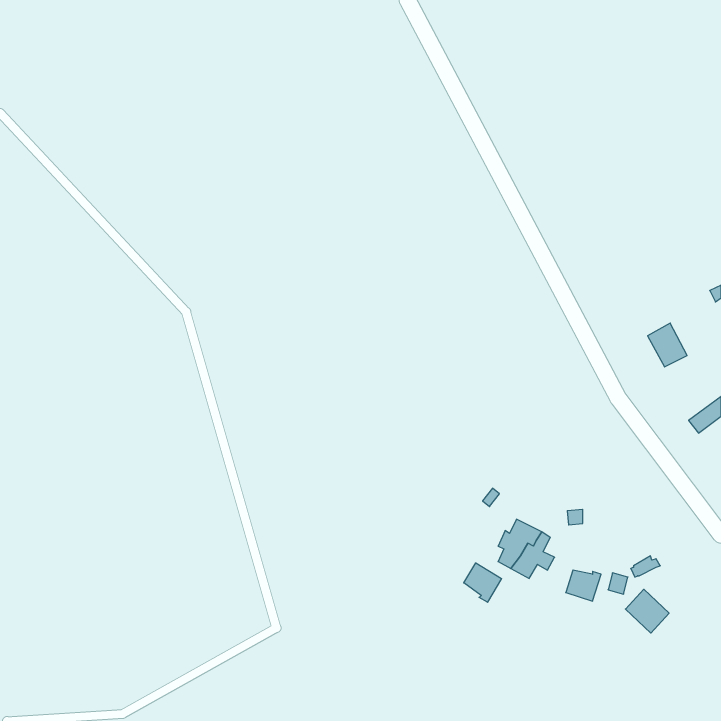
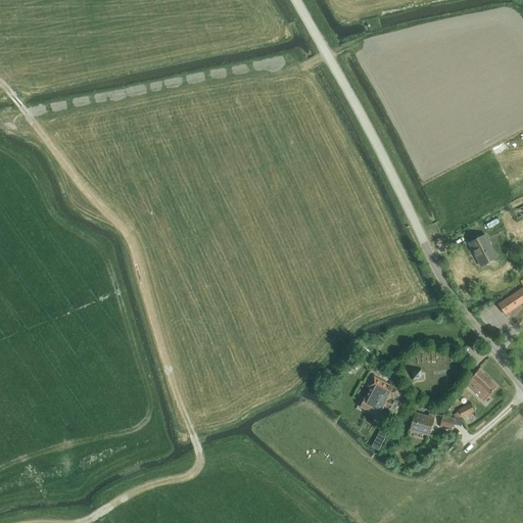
building: [464,563,502,602] -> none
building: [625,589,669,633] -> [466,369,497,400]

